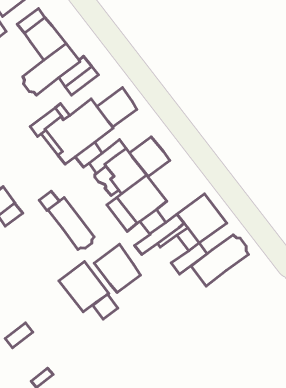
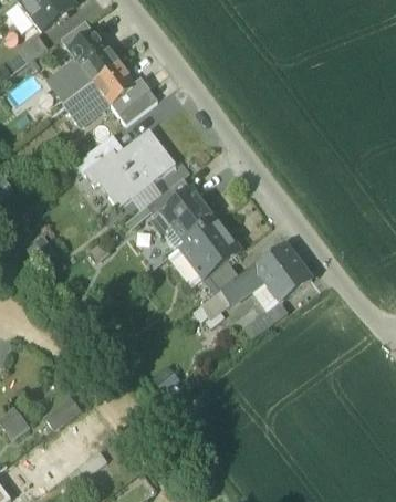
building: none -> [50,61,93,103]
building: [97,87,137,127] -> none
building: [129,137,170,177] -> none
building: [48,198,94,250] -> none
building: [191,235,248,286] -> none
building: [94,244,141,292] -> none
building: [59,262,109,312] -> none

